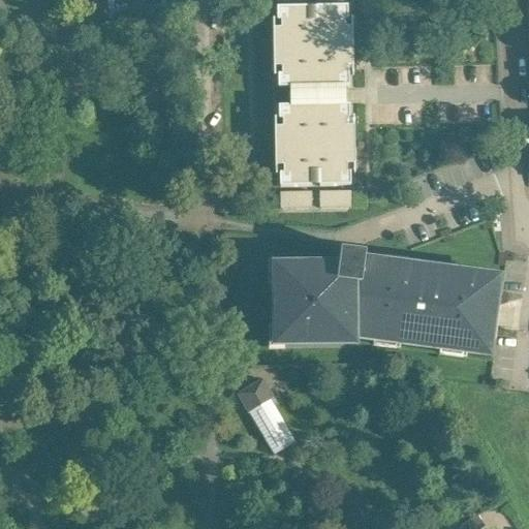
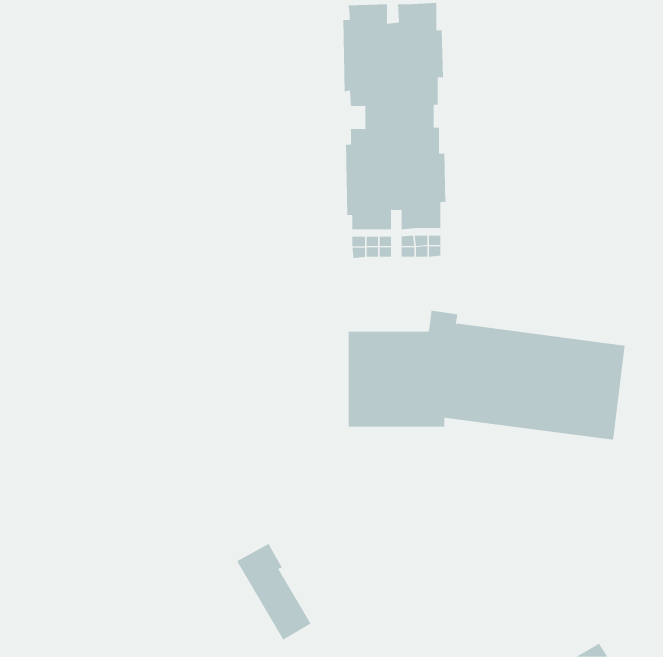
building: [237,375,297,453] -> [236,543,312,640]

